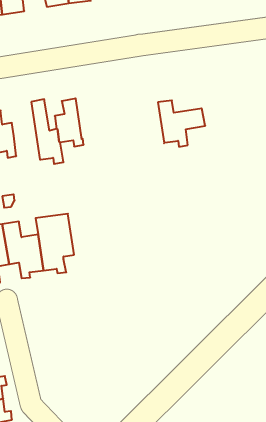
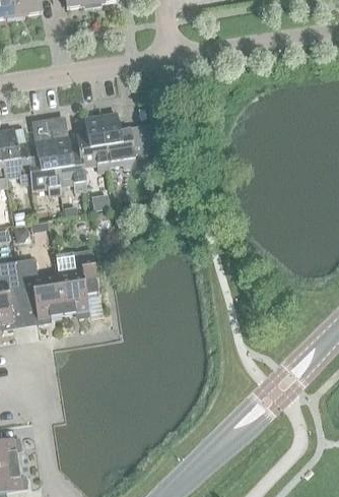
building: [158,100,205,147] -> [99,113,154,167]
building: none -> [27,119,60,194]

